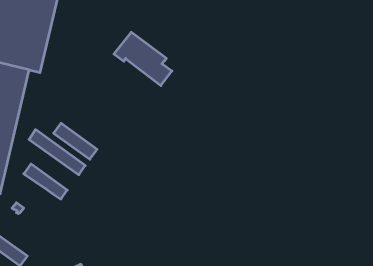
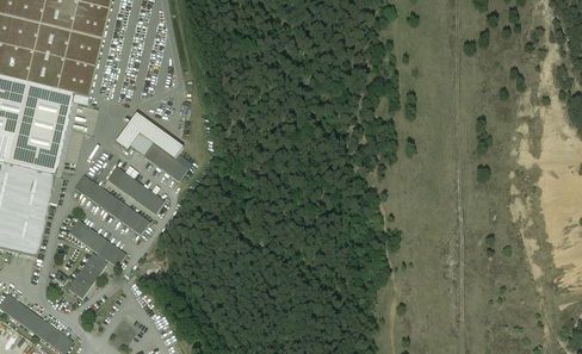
building: [114,32,172,86] -> [113,110,190,180]
building: none -> [66,251,104,296]

